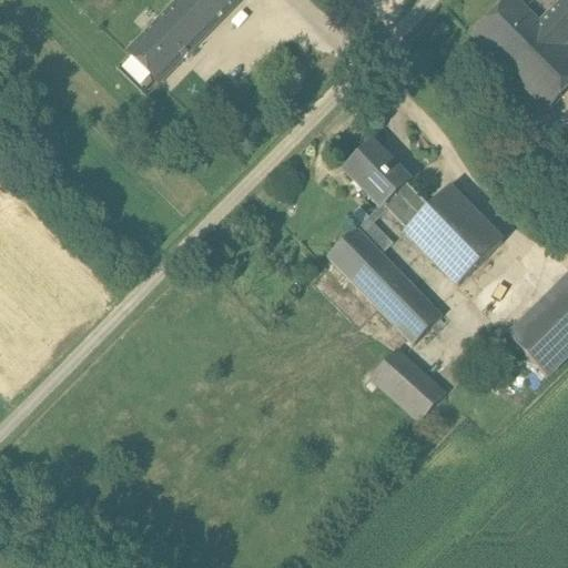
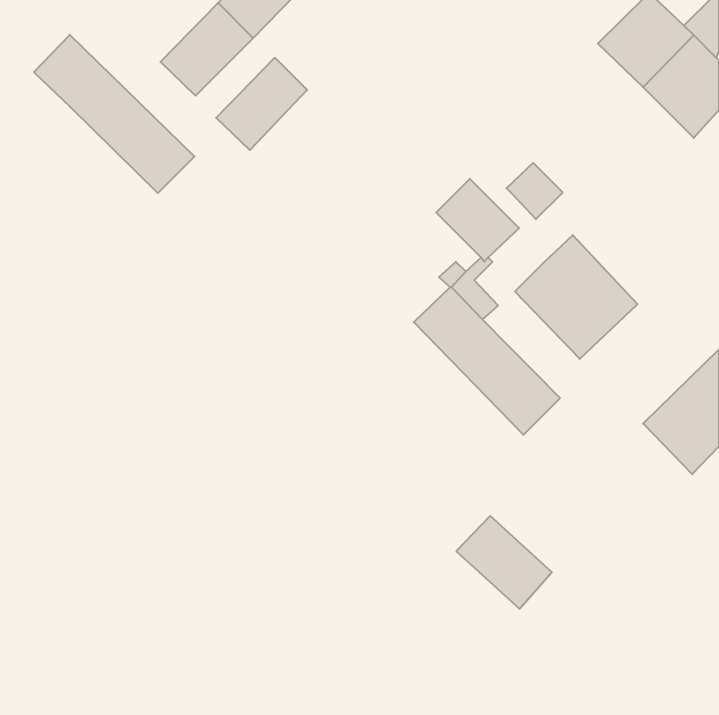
building: none -> [34,35,194,193]
building: none -> [216,58,307,150]
building: [385,183,429,227] -> [506,163,563,219]
building: [369,348,445,422] -> [456,516,552,609]

